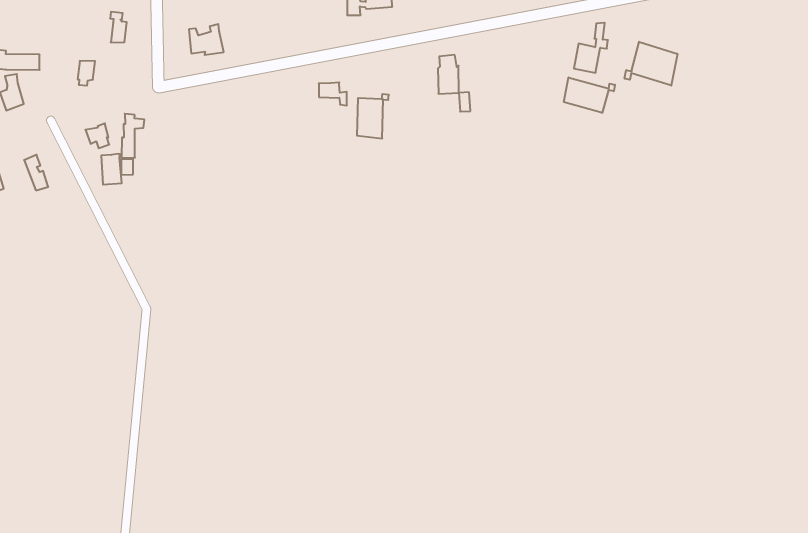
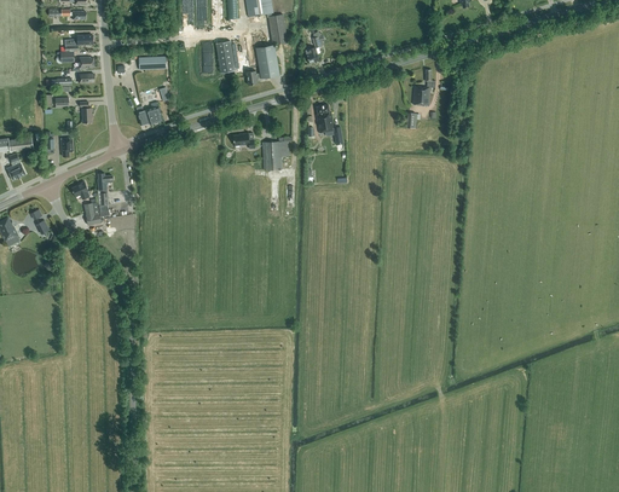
building: [625,42,677,86] -> none
building: [564,77,615,113] -> none

